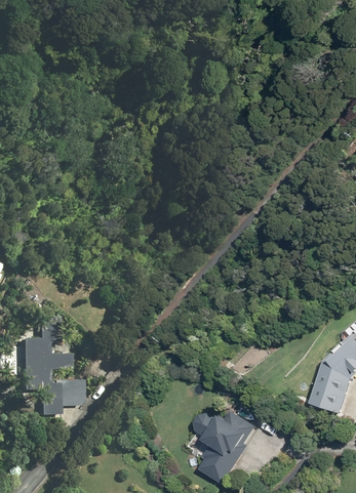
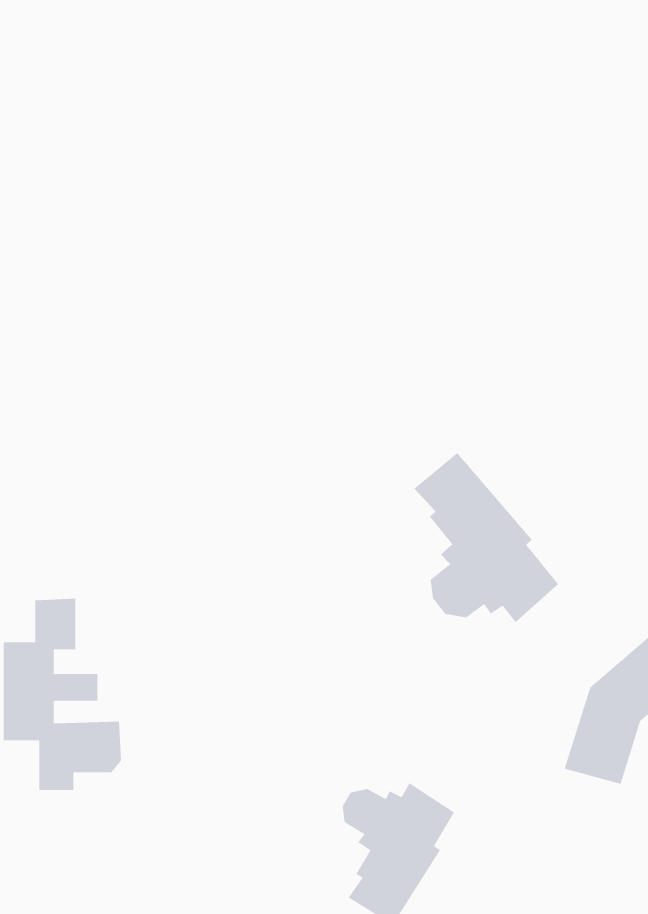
building: none -> [413,452,559,623]

